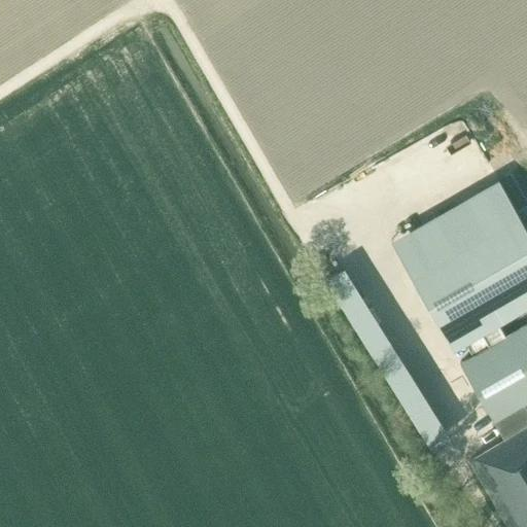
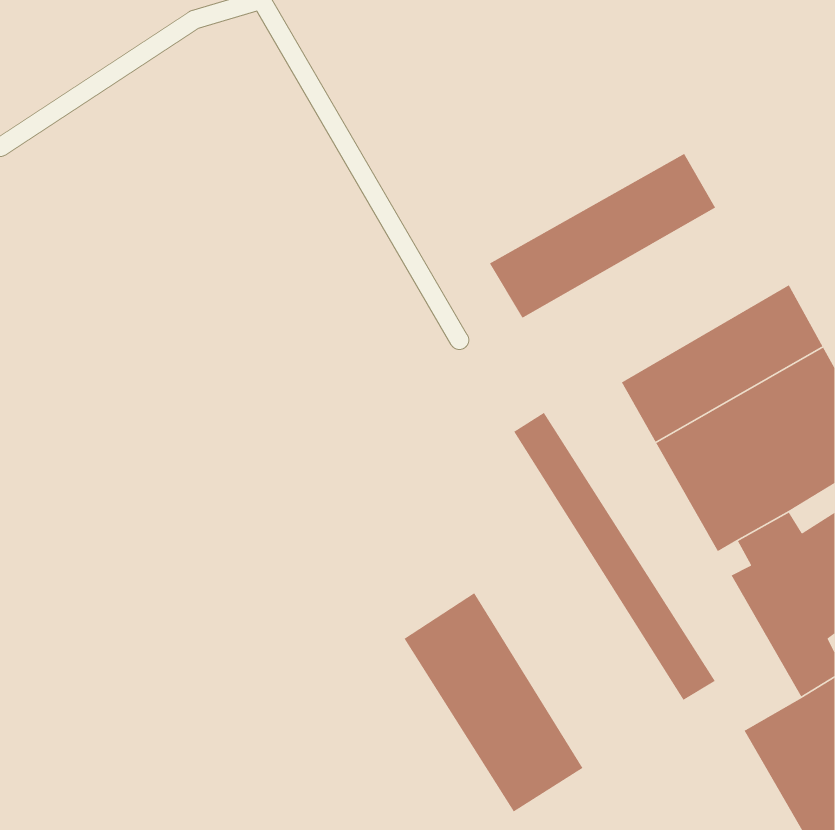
building: none -> [489,153,716,319]
building: none -> [403,592,583,813]

